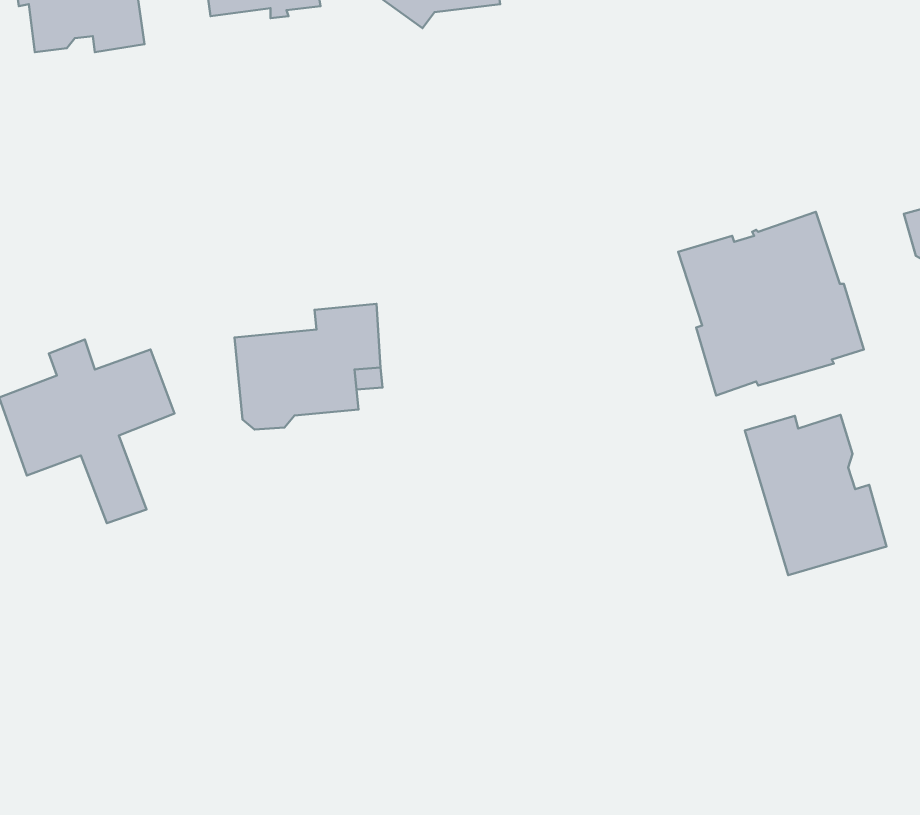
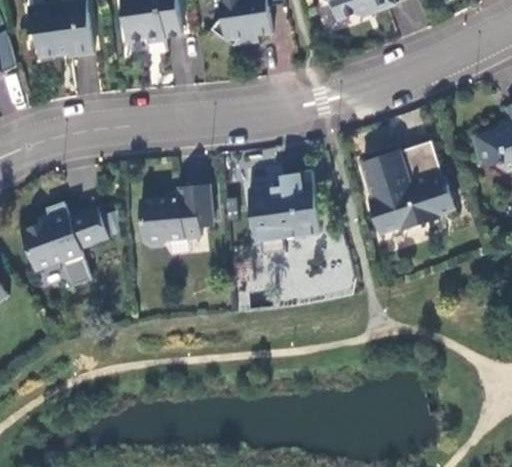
building: none -> [248,171,320,253]
building: [745,415,887,575] -> none

